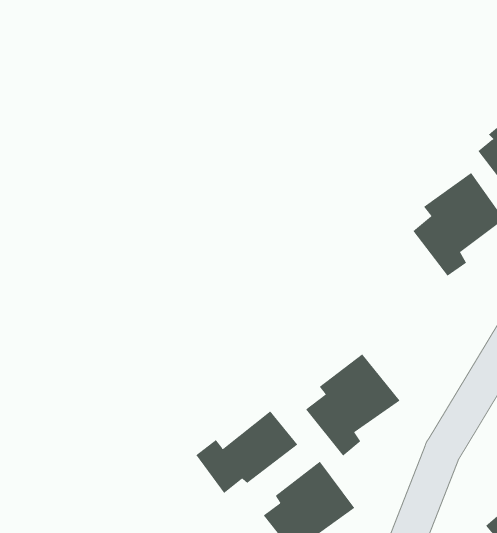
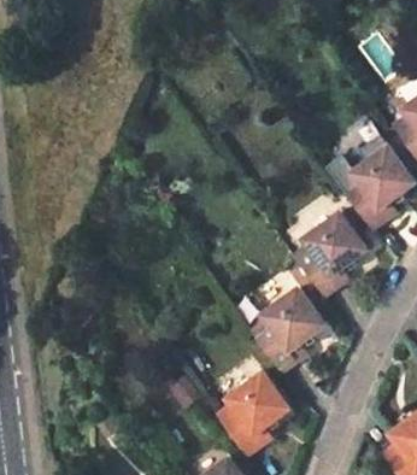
building: none -> [290,207,369,294]
building: [196,410,298,494] -> none

